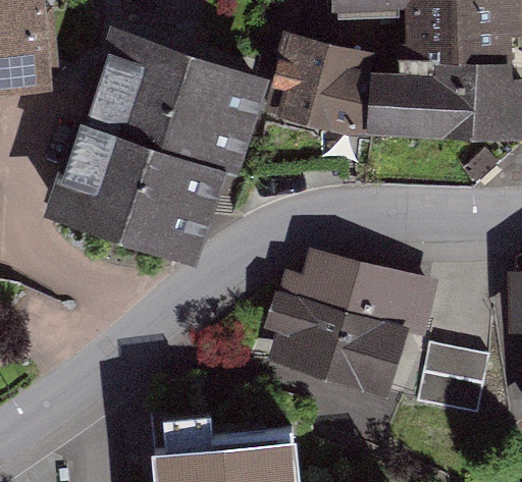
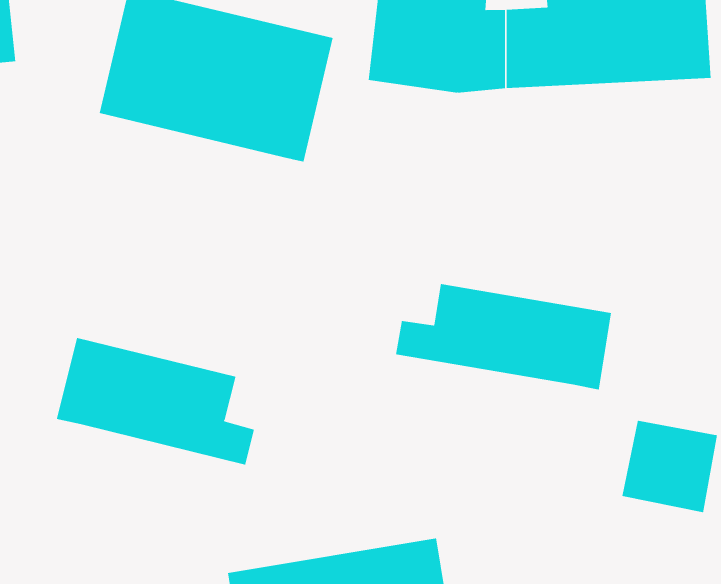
building: [58,115,221,249] -> none
building: none -> [56,337,254,465]
building: [266,299,397,392] -> none

